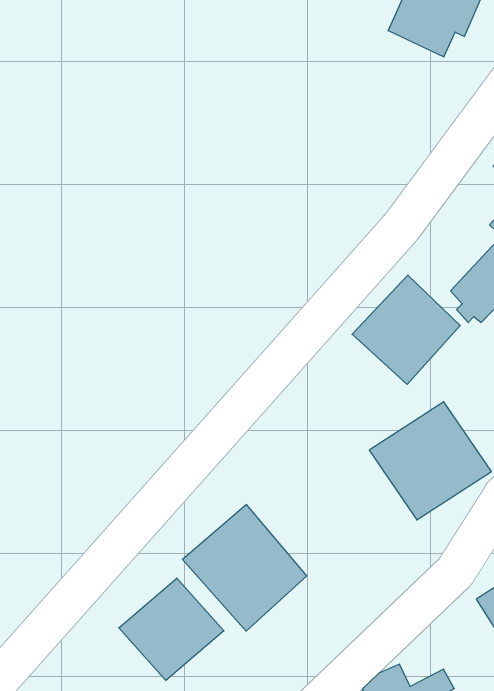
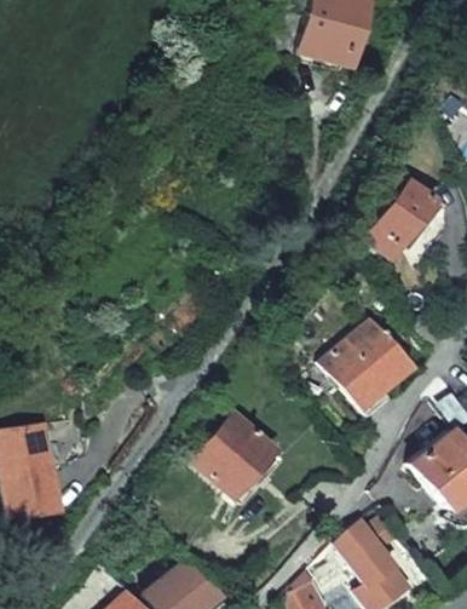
building: [352,275,460,384] -> none
building: [119,578,224,681] -> none

